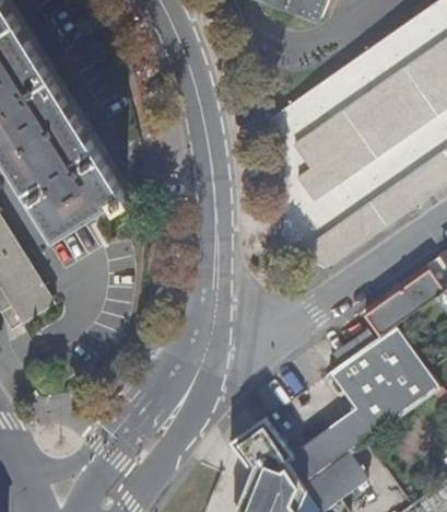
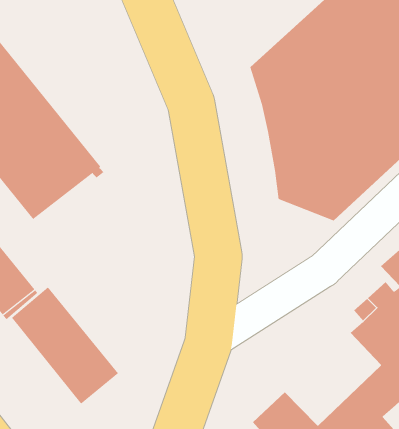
building: none -> [11,286,119,404]

